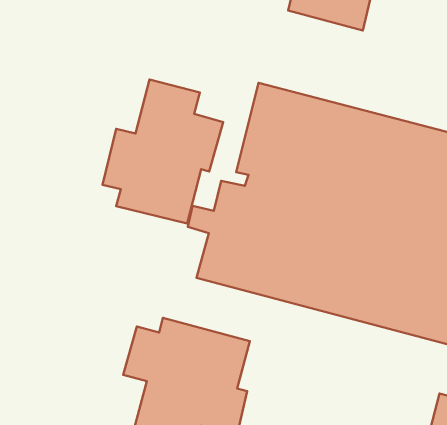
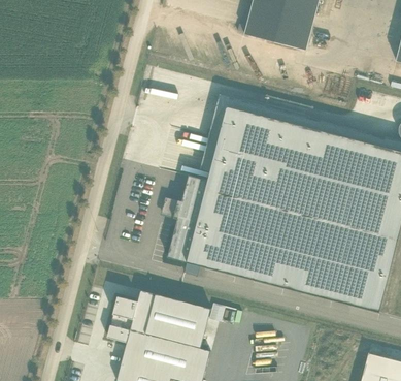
building: [103,79,223,224] -> none

